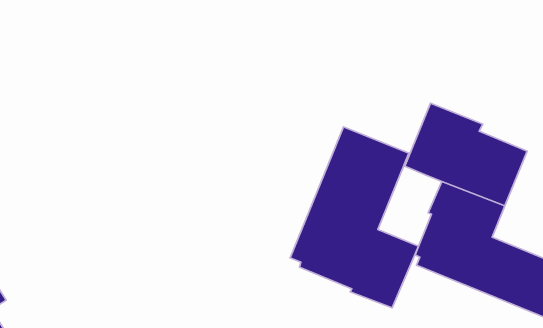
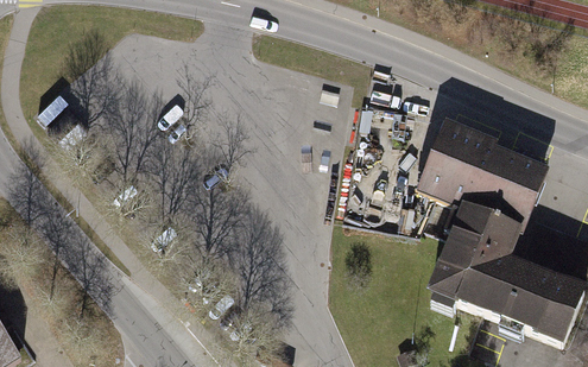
building: [290,127,419,308] -> none

